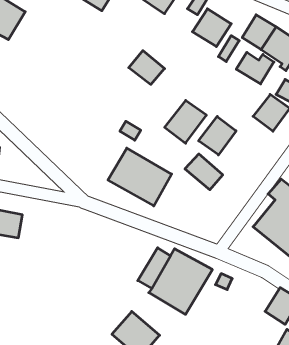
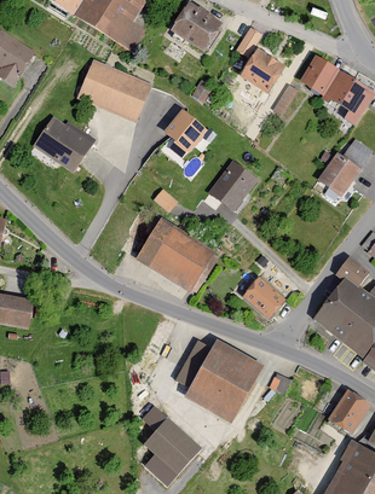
building: none -> [76,60,150,123]
building: [236,52,274,84] -> none
building: none -> [35,115,96,173]
building: [199,116,236,155] -> none
building: [185,154,223,190] -> [240,275,285,319]

